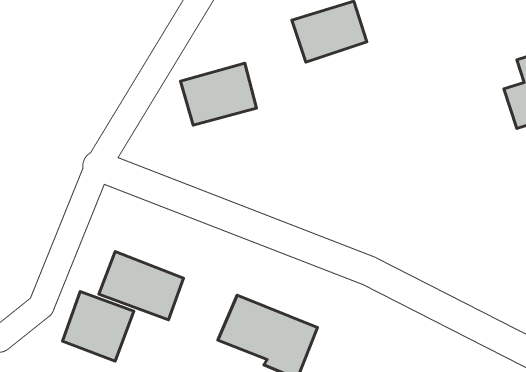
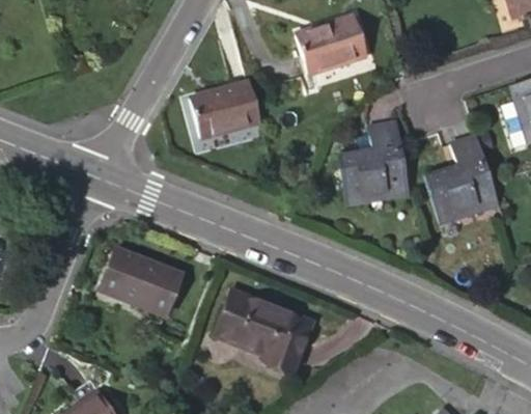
building: none -> [340,110,410,199]
building: none -> [423,126,498,217]
building: [63,292,134,361] -> none

